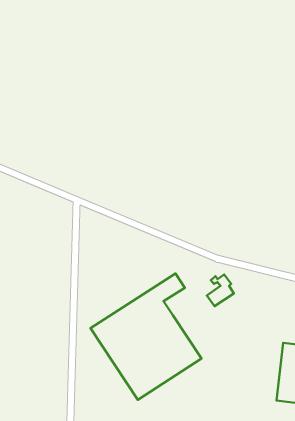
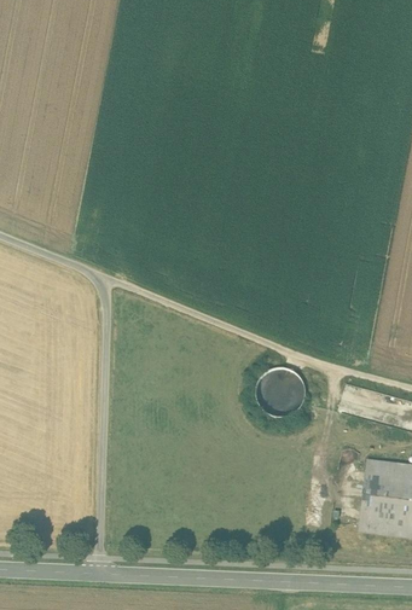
building: [91,274,201,400] -> none

